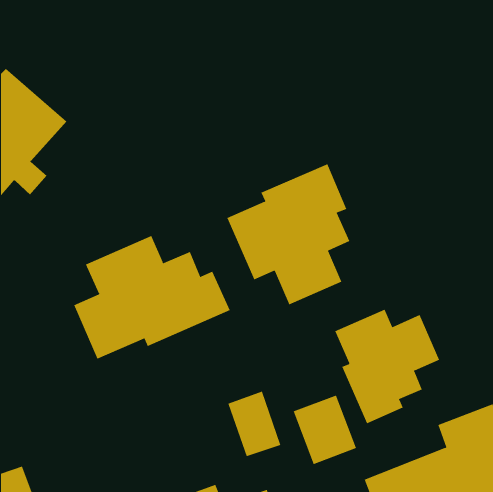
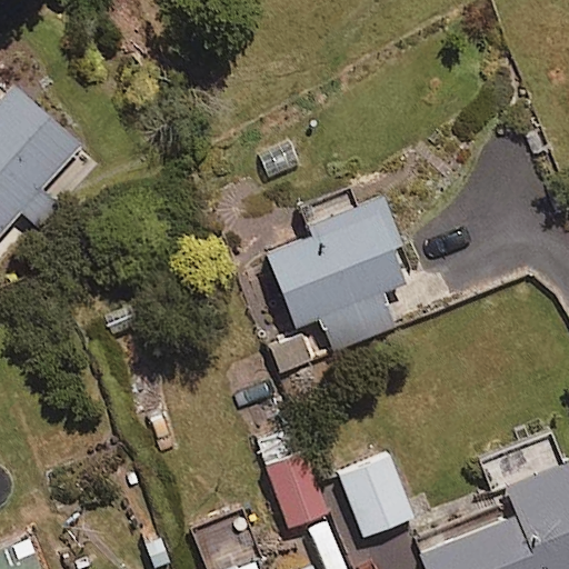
building: [73,235,230,360] -> none
building: [335,309,440,424] -> none

